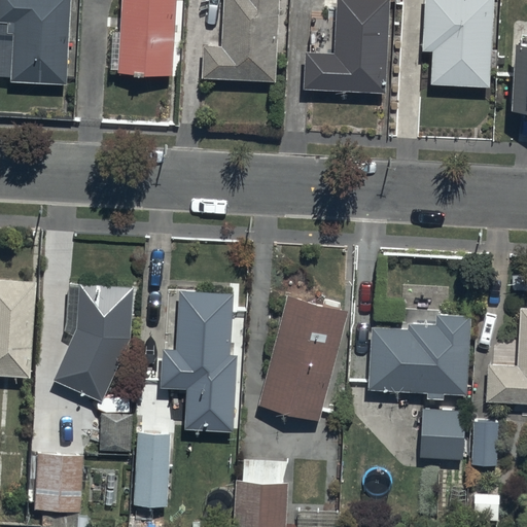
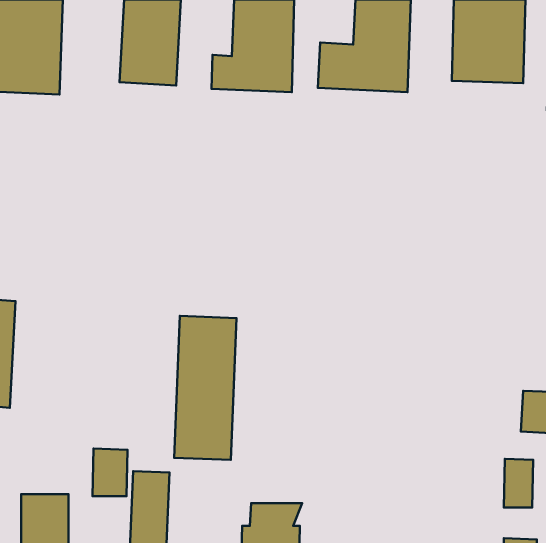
building: [54,281,130,397] -> none
building: [259,293,346,415] -> none
building: [370,310,468,391] -> none
building: [420,409,465,462] -> none

